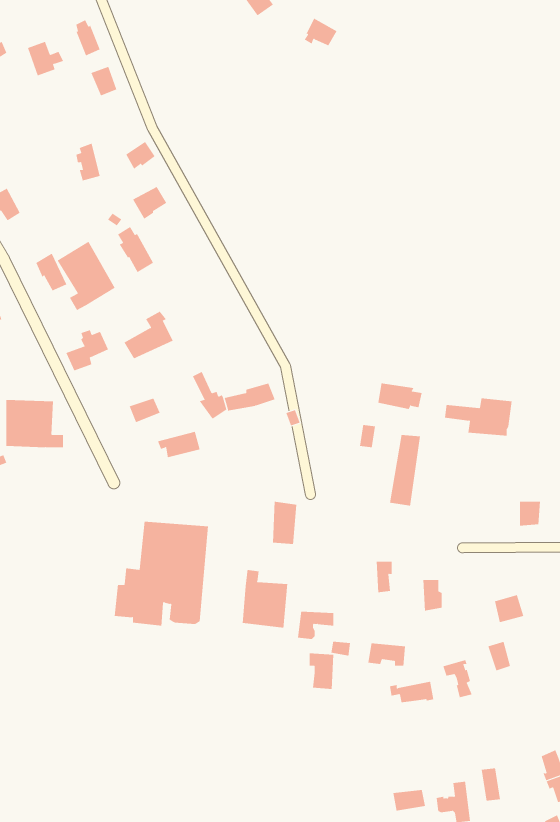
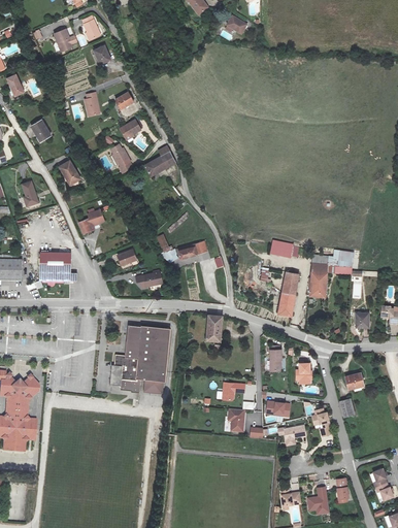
building: [57,241,116,311] -> none
building: [124,311,174,359] -> [143,146,174,176]
building: none -> [309,263,328,298]
building: [242,569,288,629] -> none

